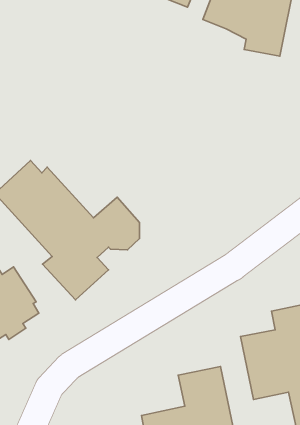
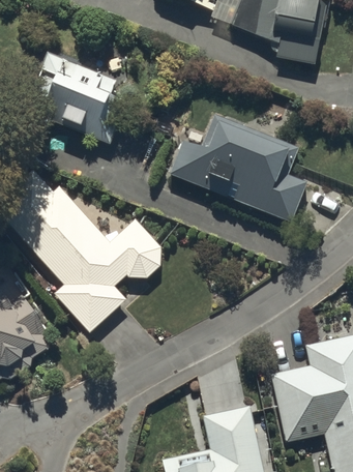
building: none -> [24,52,127,144]
building: none -> [169,115,307,223]

